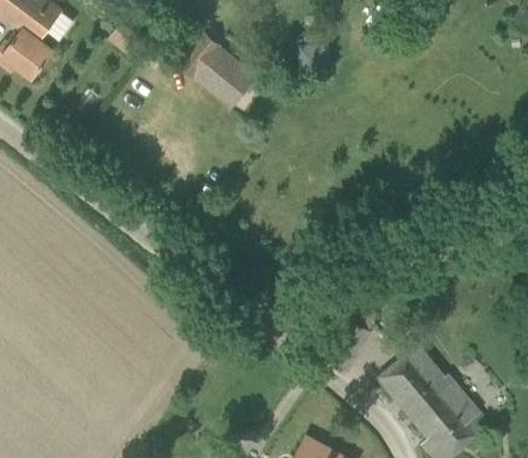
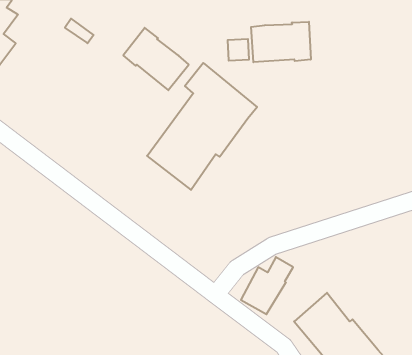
building: none -> [251,22,311,62]
building: none -> [147,63,257,190]

